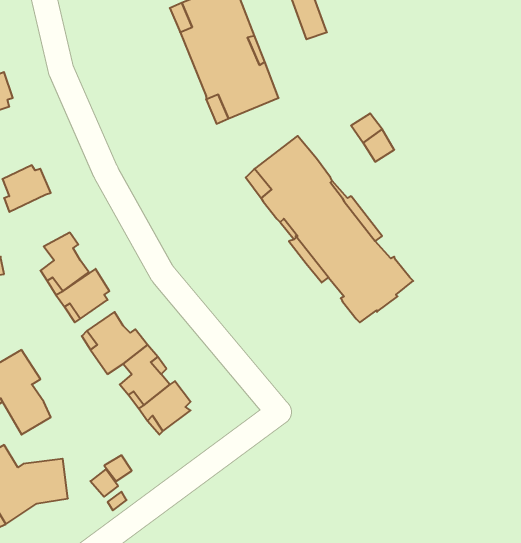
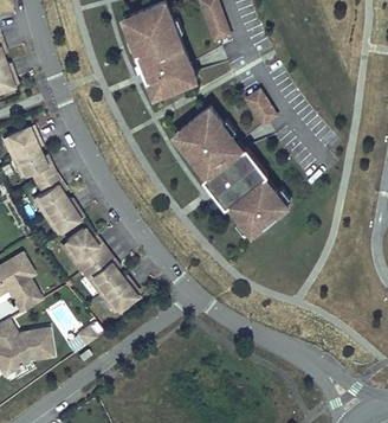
building: none -> [17,147,53,182]

